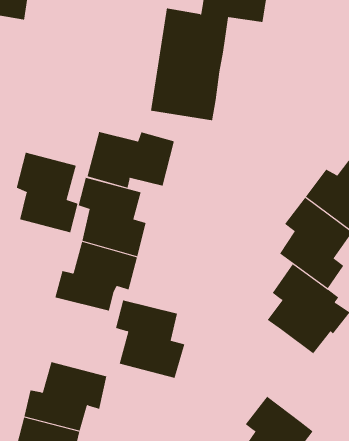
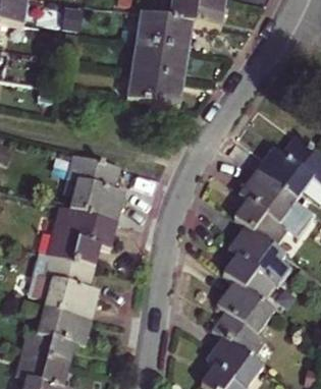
building: [87,131,175,188] -> none
building: [16,152,78,233] -> none
building: [115,300,185,378] -> [42,253,100,318]
building: none -> [213,279,275,355]

